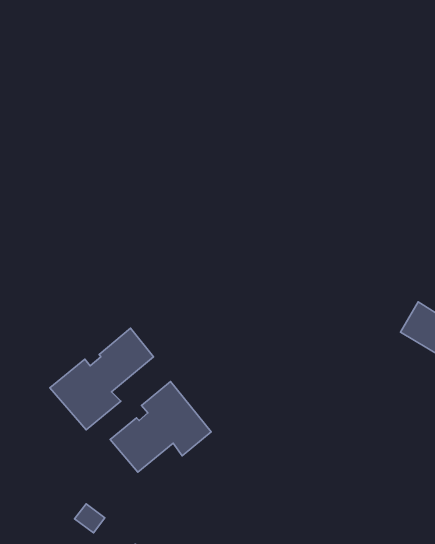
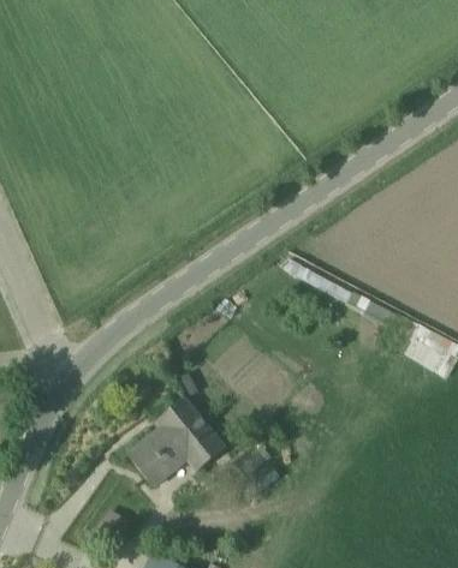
building: [50,328,154,430] -> none

